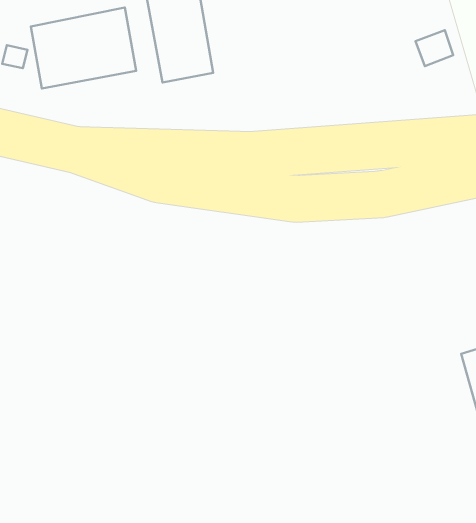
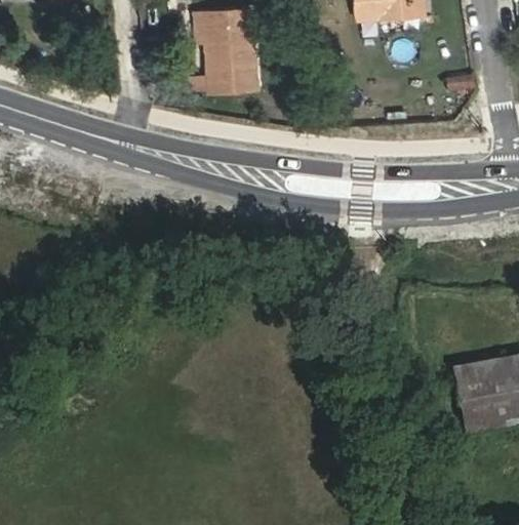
building: [31,8,136,88] -> none

